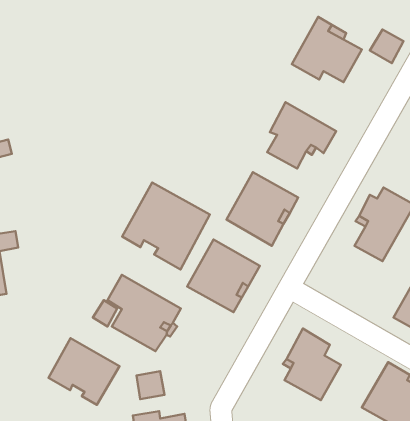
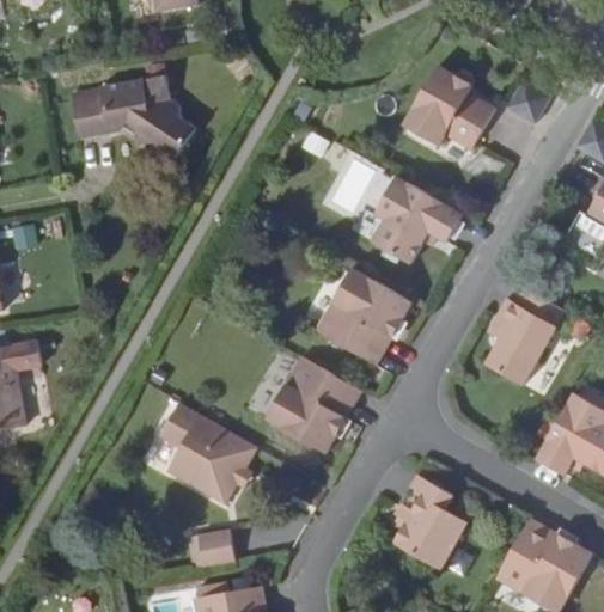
building: none -> [73,72,190,152]
building: [122,182,210,270] -> none
building: [49,338,119,405] -> none

